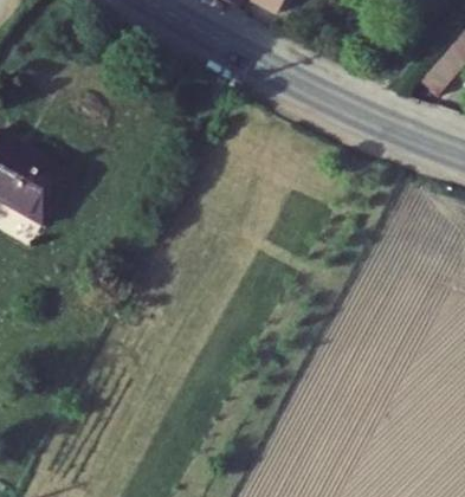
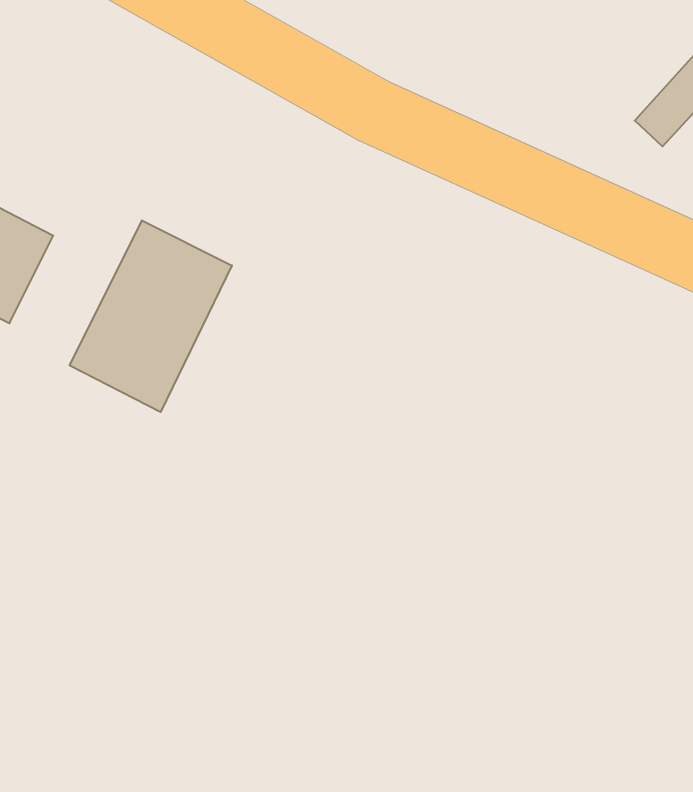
building: none -> [70,220,232,412]

